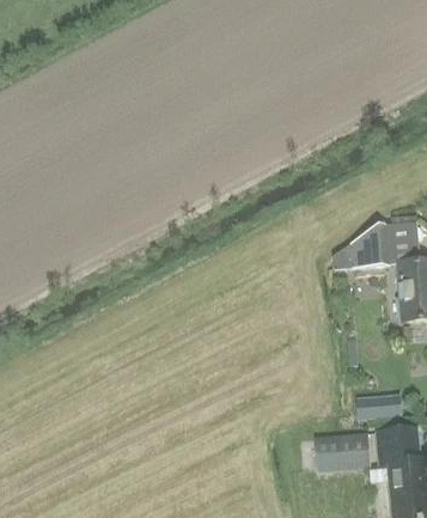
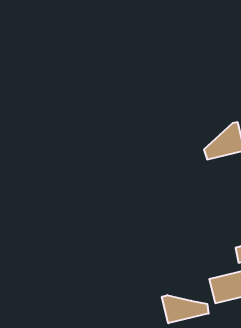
building: none -> [162,295,209,323]

